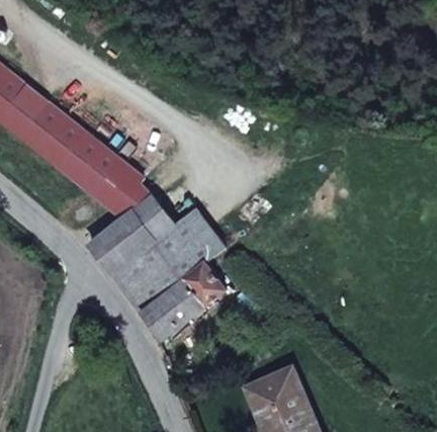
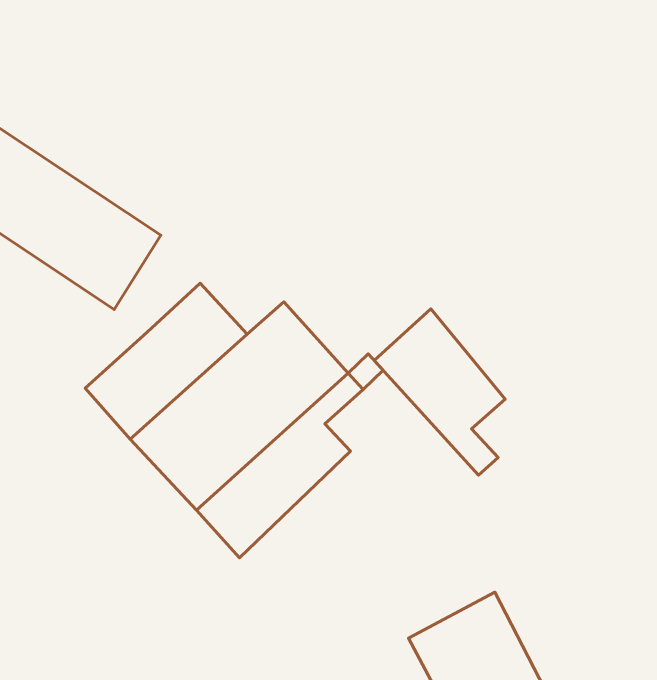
building: [106,169,152,219] -> none
building: none -> [374,309,505,475]

